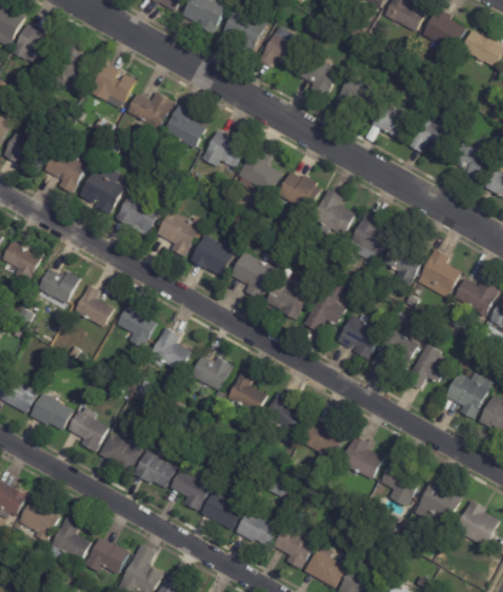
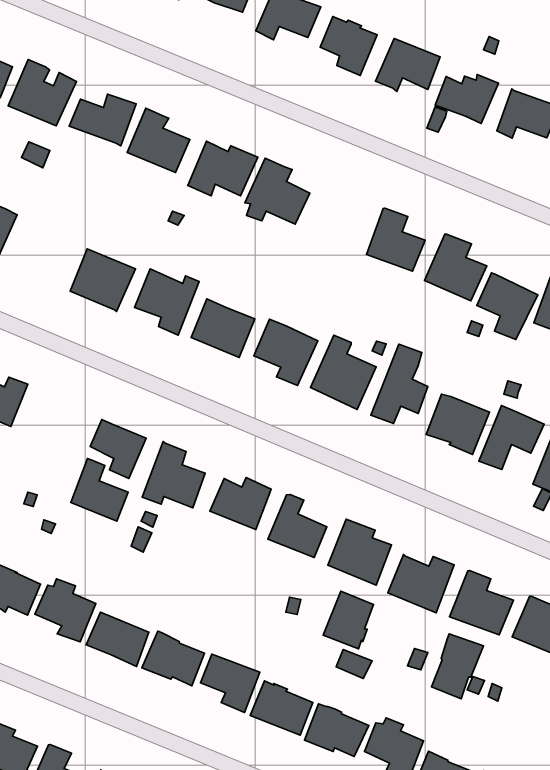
building: [79,166,124,212] -> none
building: [278,169,324,211] -> none
building: [74,282,113,326] -> [71,458,128,521]
building: none -> [323,591,374,649]
building: none -> [432,634,483,699]

